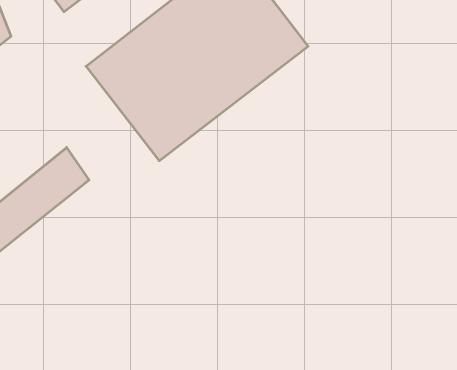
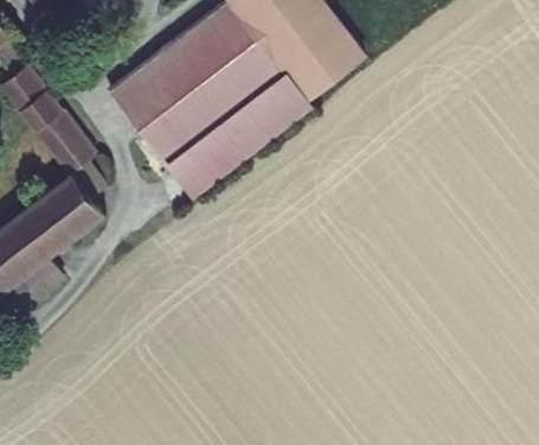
building: none -> [13,62,100,177]

